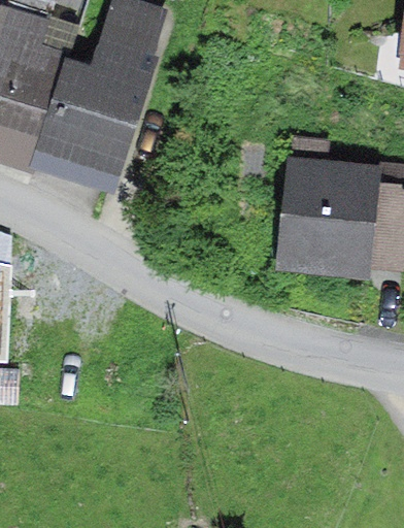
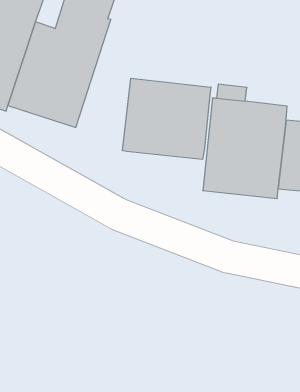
building: none -> [123,78,211,159]

